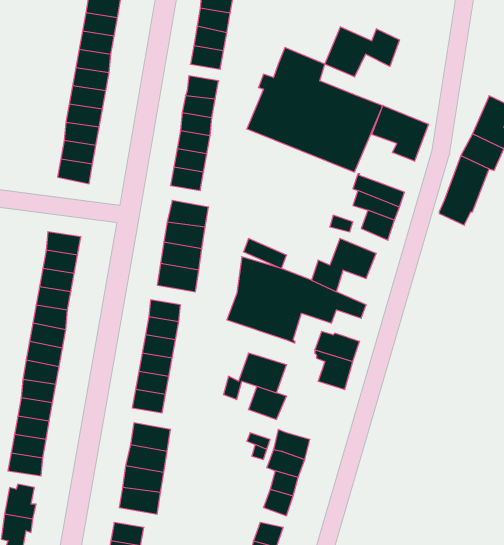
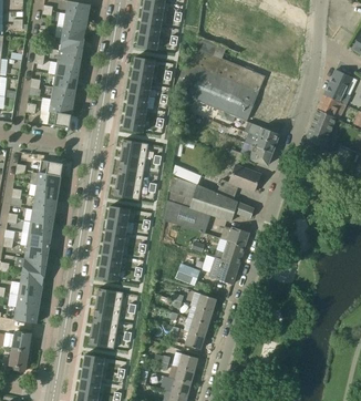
building: [325,27,399,77] -> none
building: [372,105,429,161] -> none
building: [223,353,287,400] -> [197,258,239,289]

